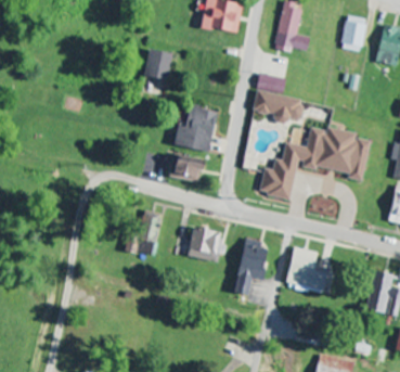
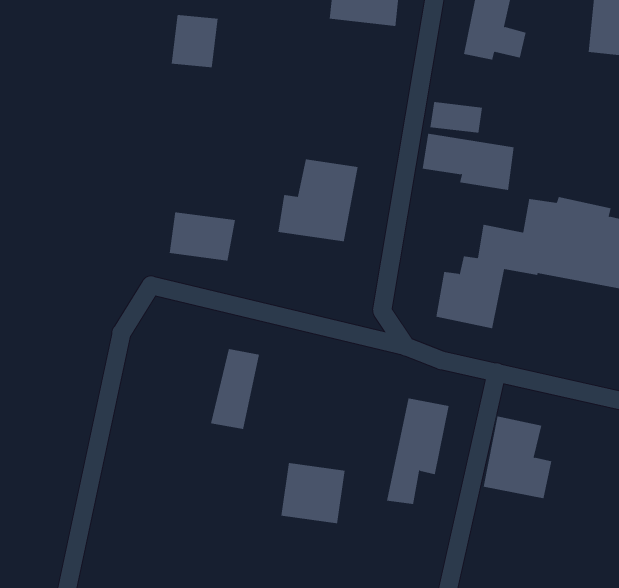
building: [145,49,171,78] -> [171,15,218,68]
building: [167,154,204,181] -> [169,212,236,261]
building: [188,227,223,260] -> [280,463,346,524]

